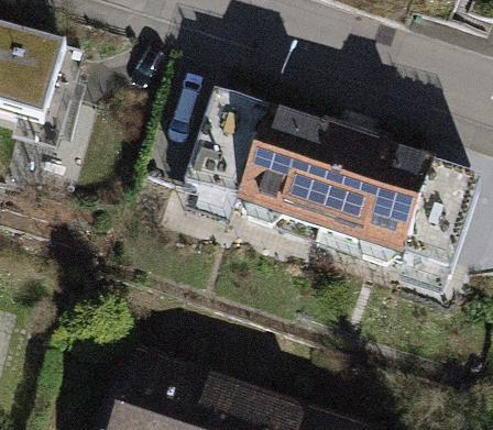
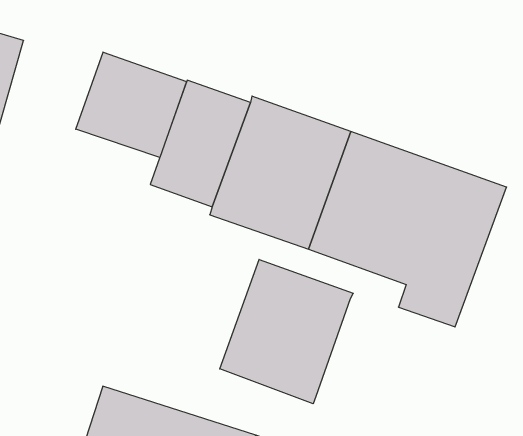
building: none -> [76,52,186,157]
building: none -> [220,259,353,404]

